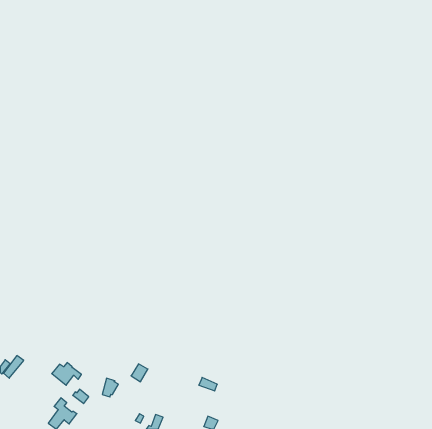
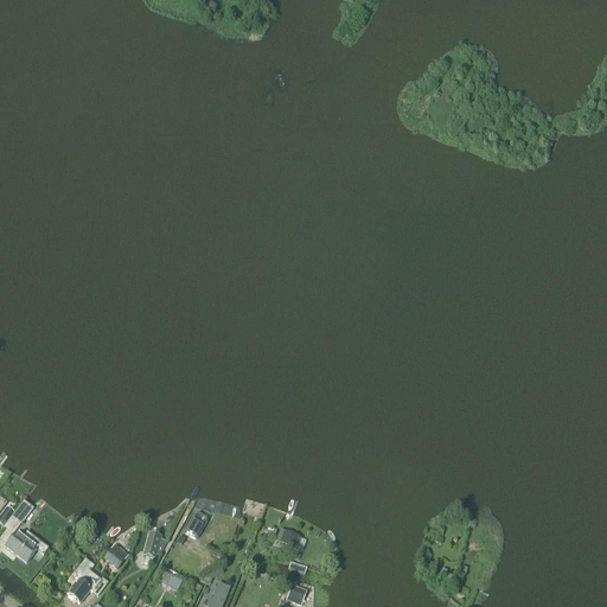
building: [52,363,81,385] -> [6,530,47,562]

